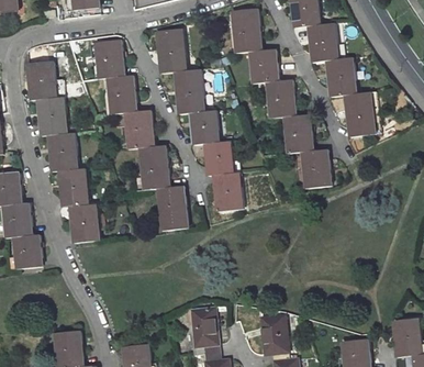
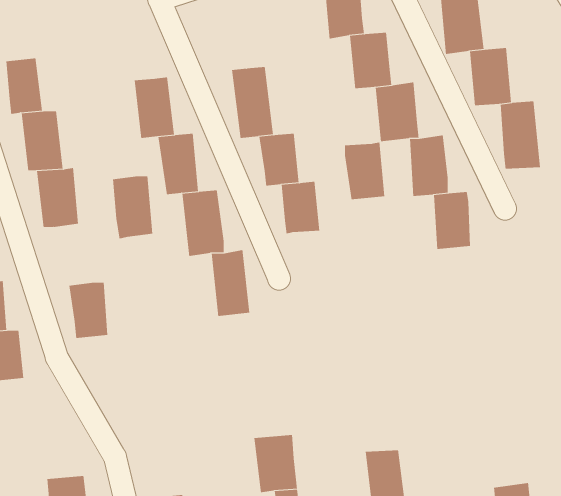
building: [156,32,183,71] -> none
building: [97,38,124,78] -> none
building: [59,169,86,210] -> [112,176,153,239]
building: [213,173,239,210] -> [344,142,385,200]

